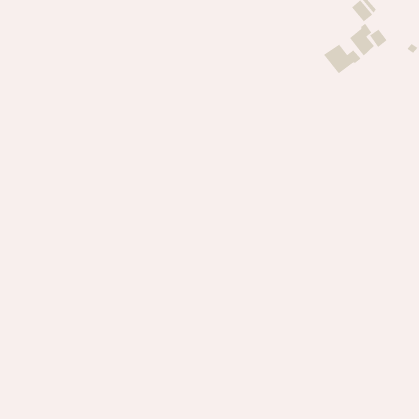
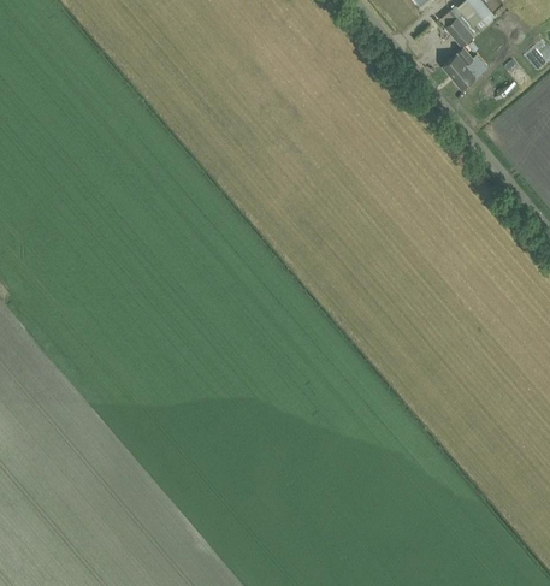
building: [323,44,362,74] -> none

